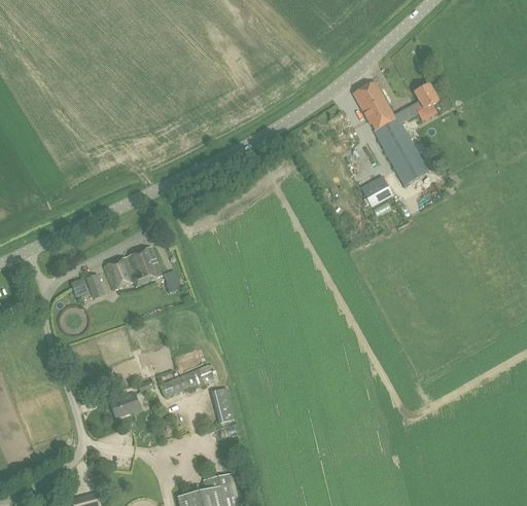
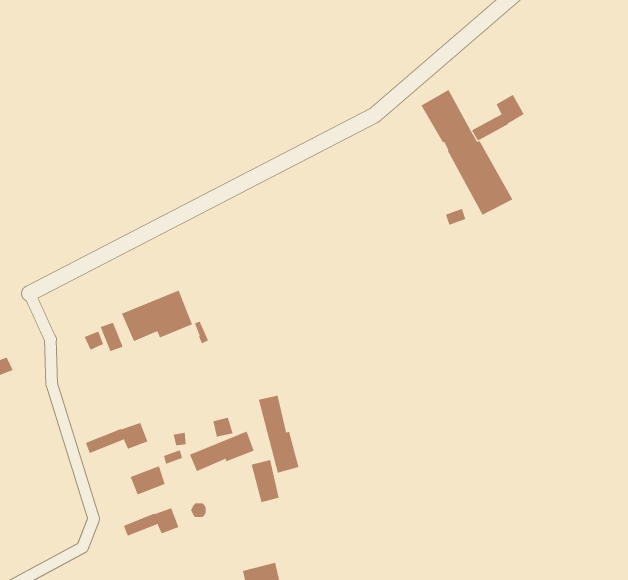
building: none -> [258,395,299,474]
building: none -> [85,422,148,454]
building: none -> [123,508,179,537]

